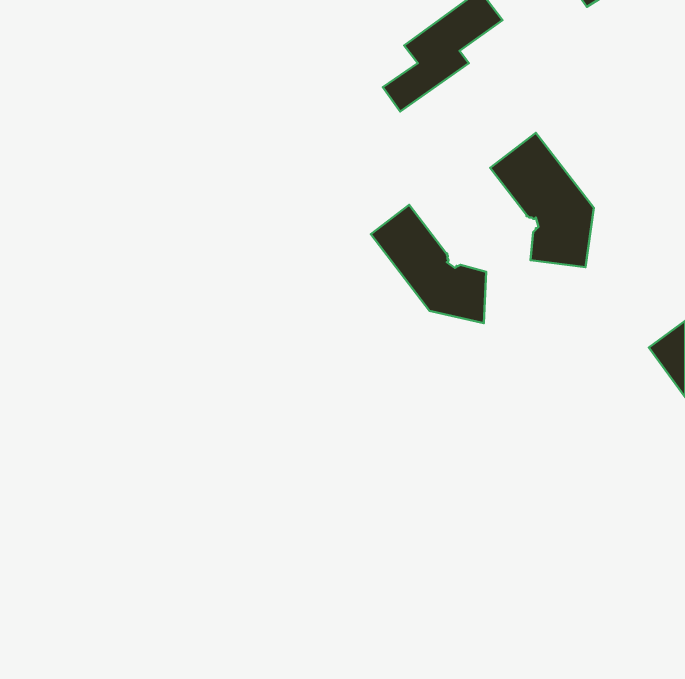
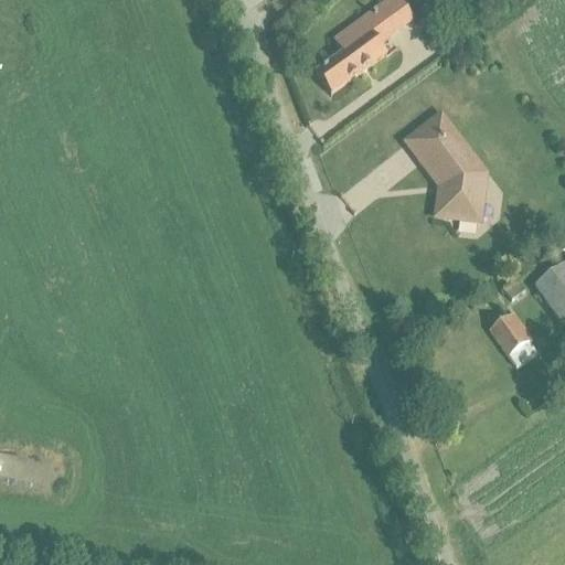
building: [371,205,486,323] -> none
building: none -> [489,310,535,365]

